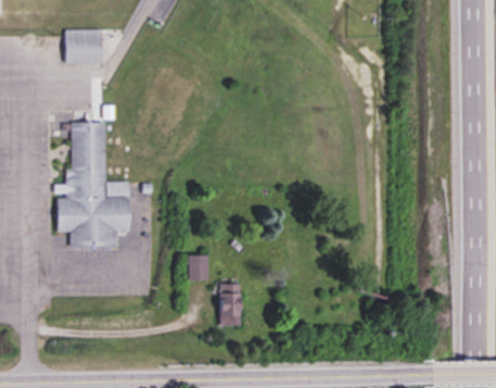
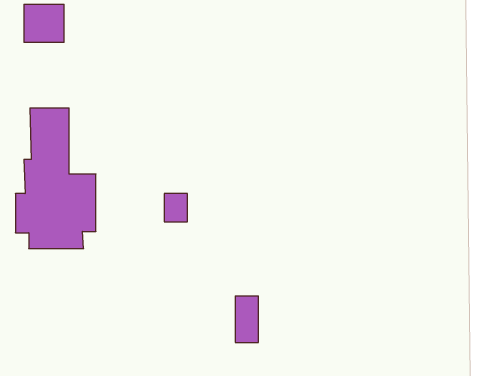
building: [188,254,208,279] -> [164,194,187,222]
building: [220,284,241,325] -> [235,296,258,342]

